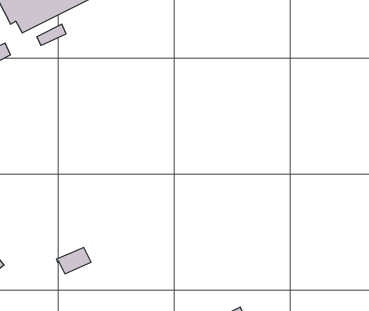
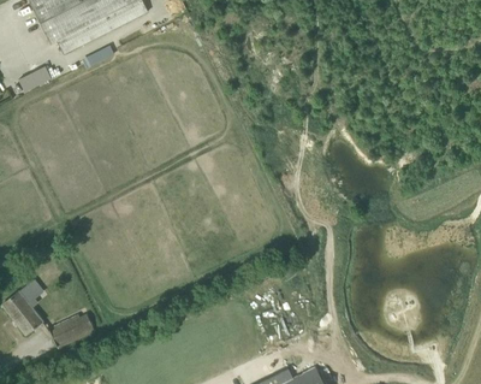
building: [56,247,91,274] -> [48,315,88,345]

